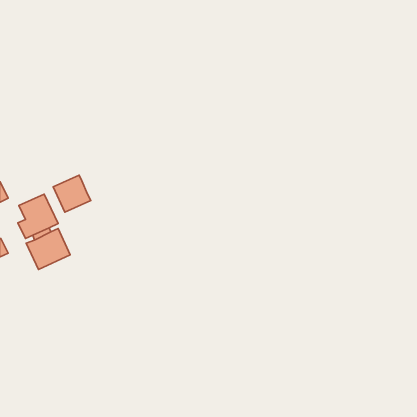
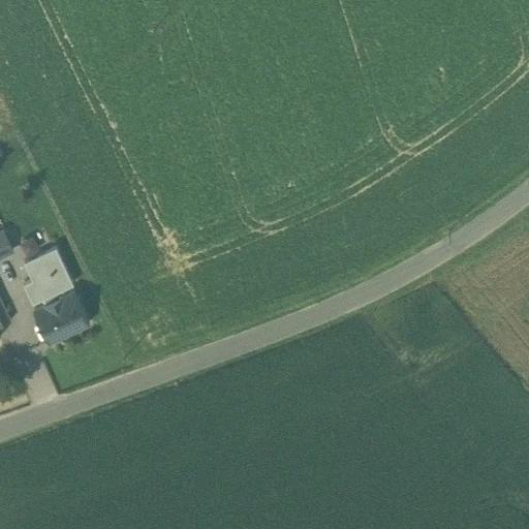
building: [53,175,91,212] -> none

